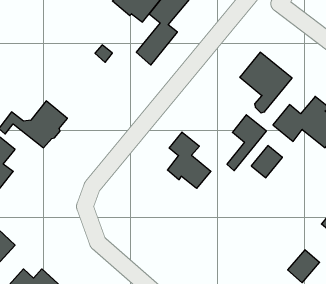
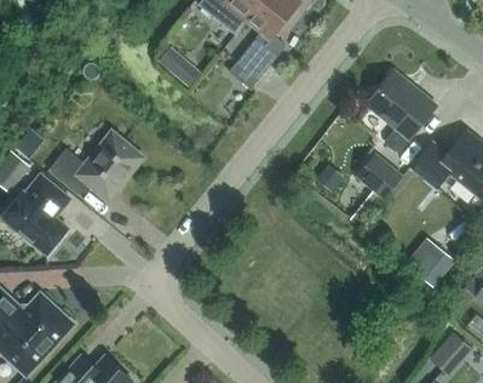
building: [167,132,211,188] -> none
building: [251,146,282,178] -> [414,244,455,286]

